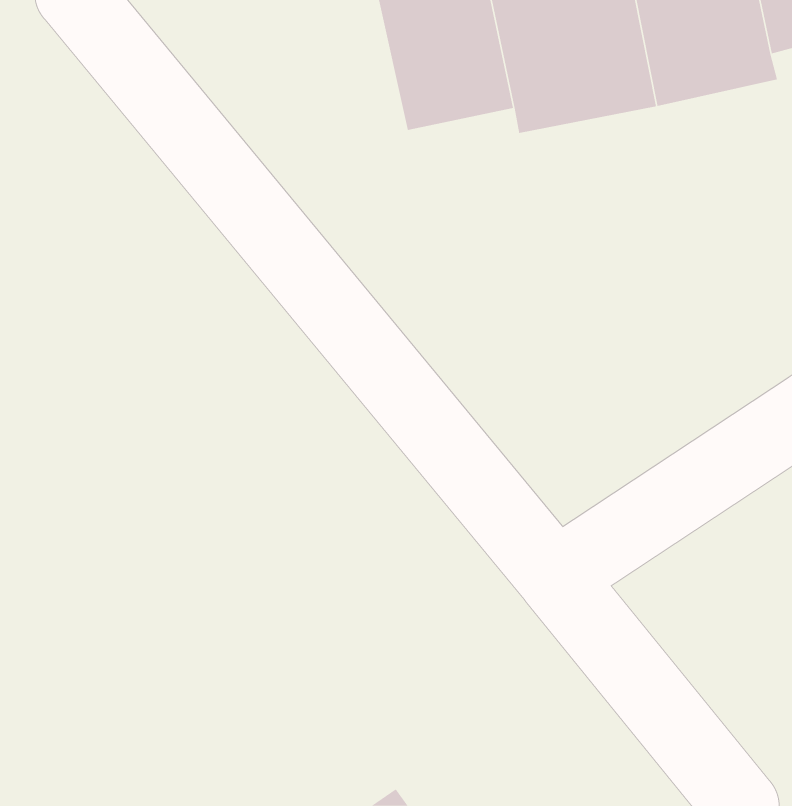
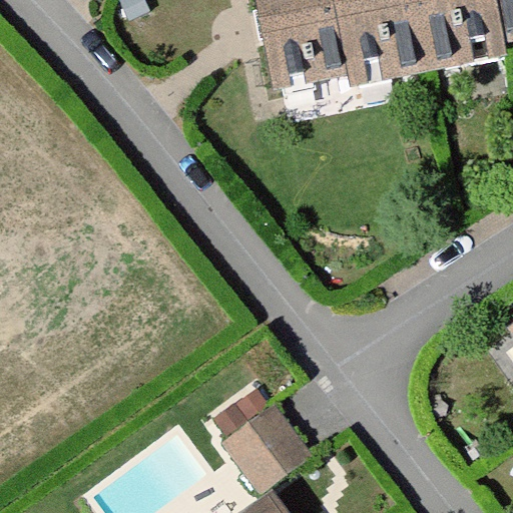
building: none -> [227,409,312,492]

